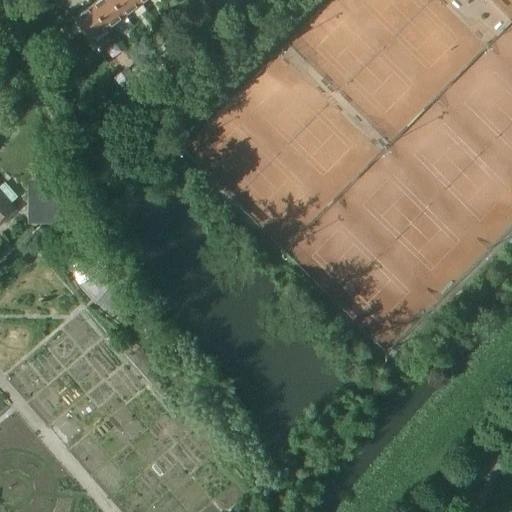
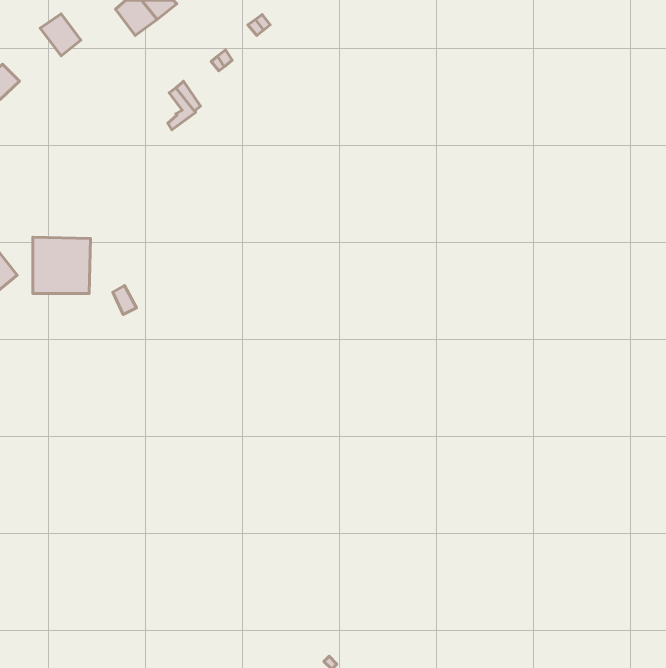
building: [72,8,103,40] -> [40,14,81,56]

